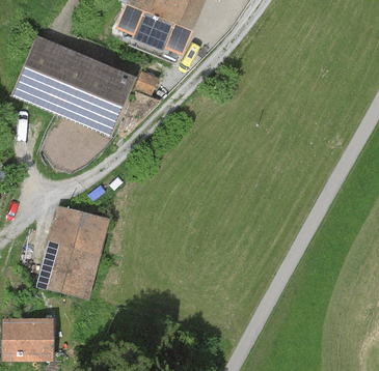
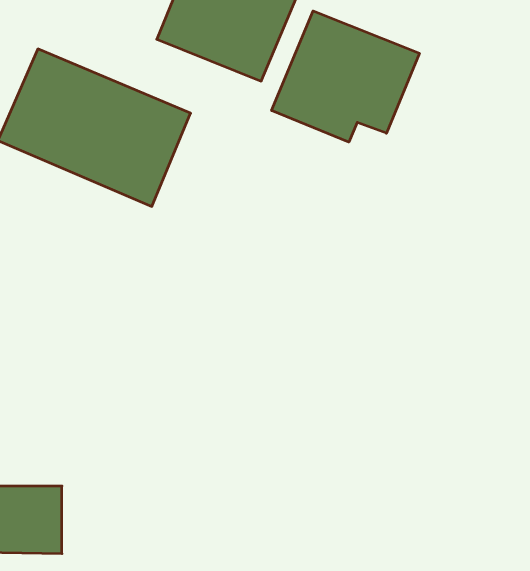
building: none -> [272,11,419,142]
building: [36,204,110,297] -> none

